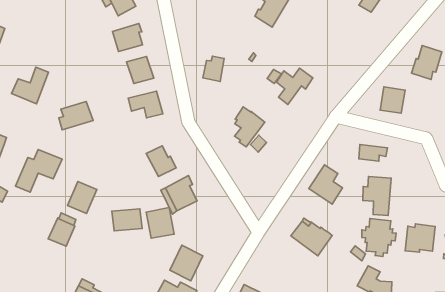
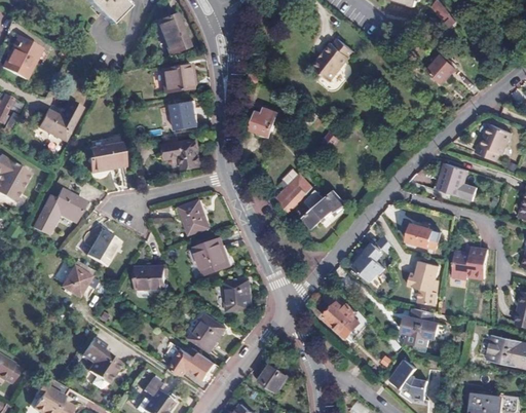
building: [277,68,313,104] -> [306,190,346,228]
building: none -> [453,249,490,281]
building: [146,208,174,238] -> [223,279,251,310]
building: [405,224,435,252] -> none

